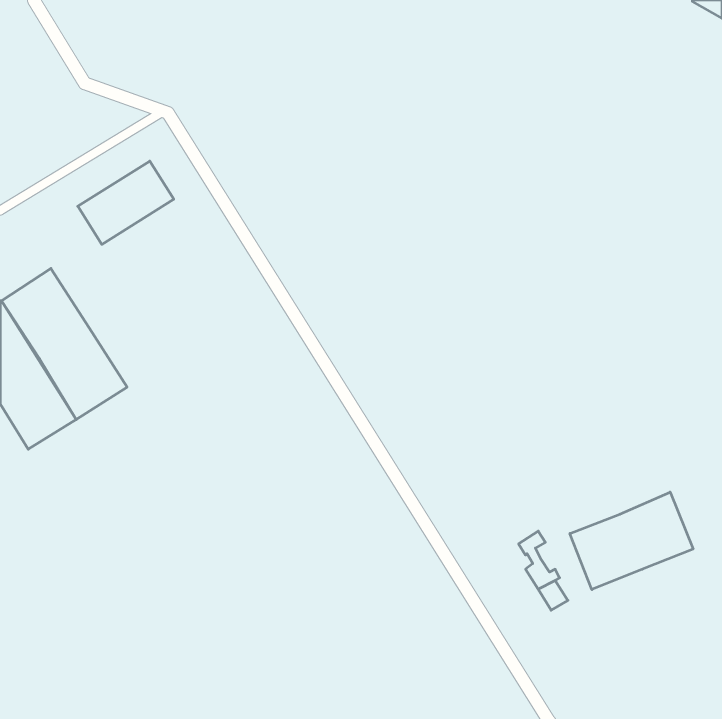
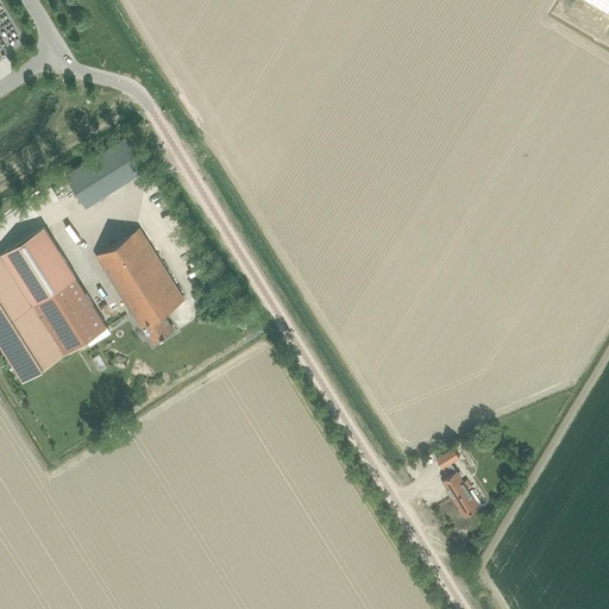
building: none -> [95,231,183,344]
building: [570,492,693,590] -> none

